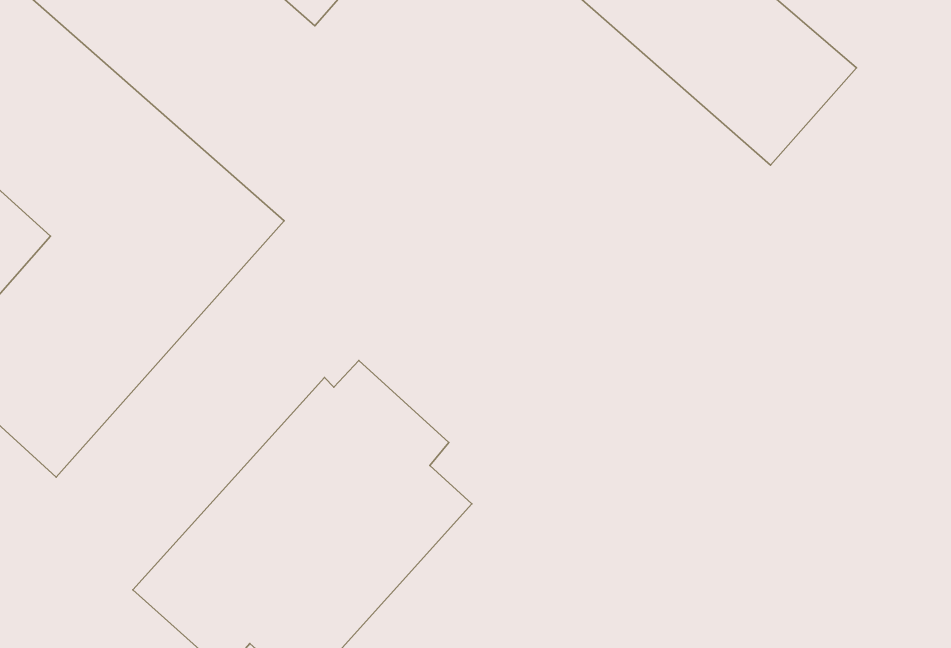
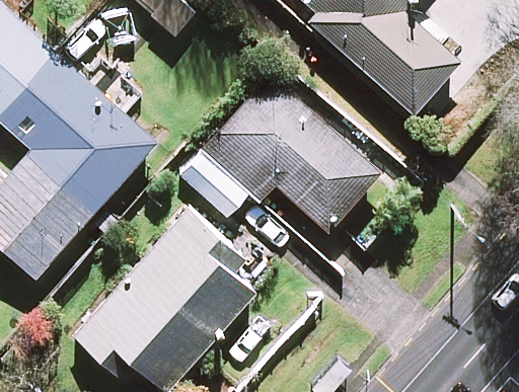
building: none -> [205,77,379,231]

